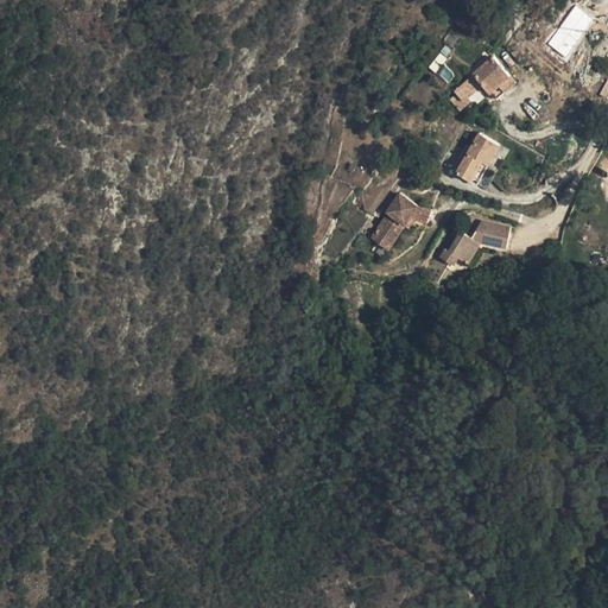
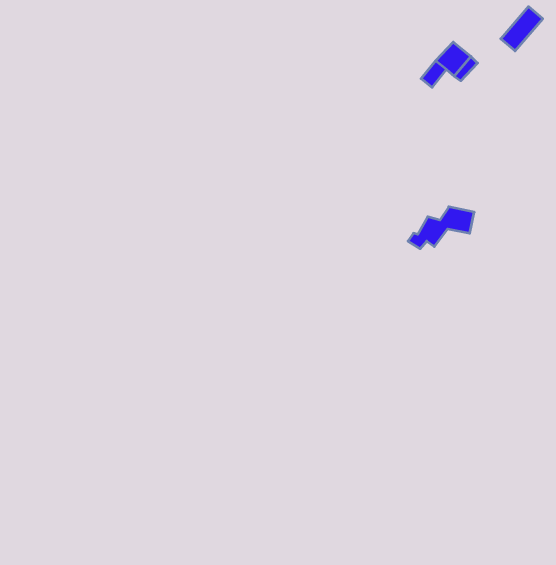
building: [457,140,495,183] -> none
building: [372,194,433,248] -> none

